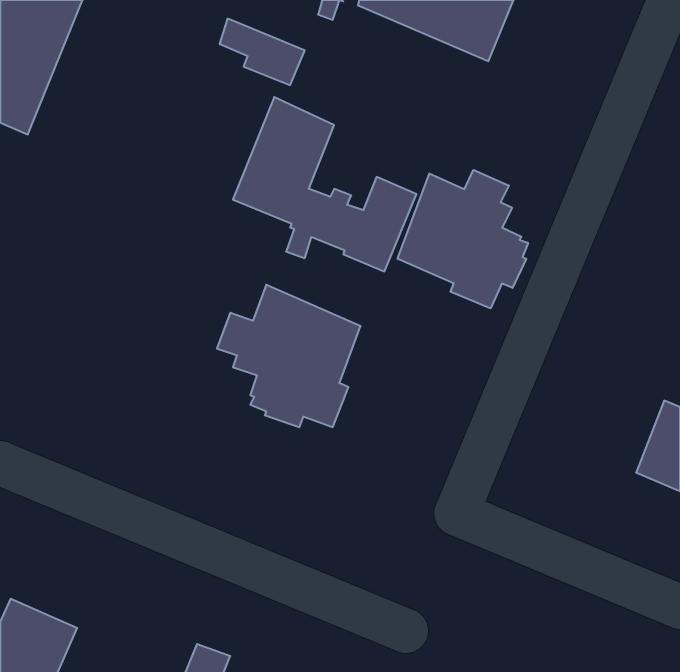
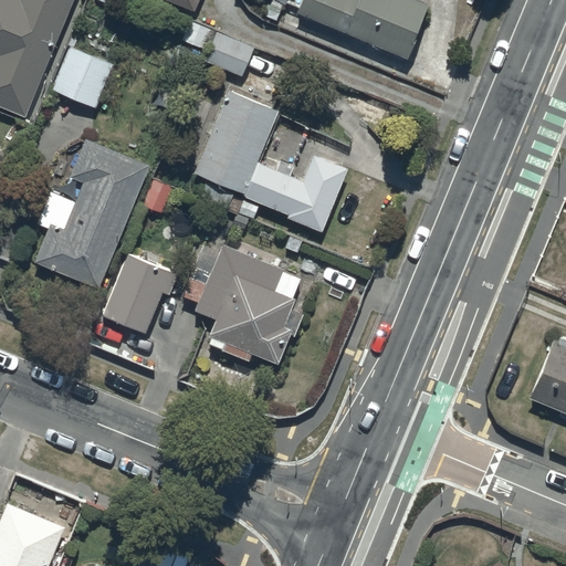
building: none -> [50,48,114,111]
building: none -> [35,140,148,287]
building: [398,170,528,308] -> none
building: none -> [102,253,177,334]

